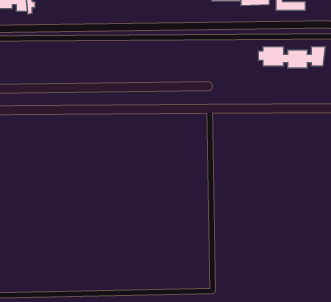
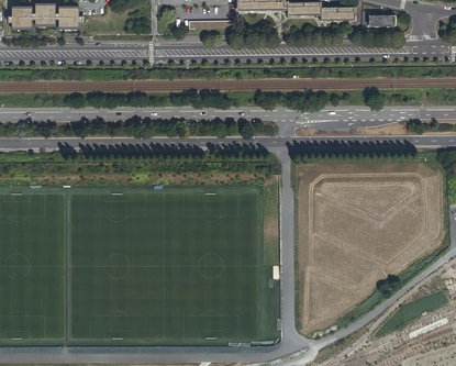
building: [259,46,325,68] -> none

